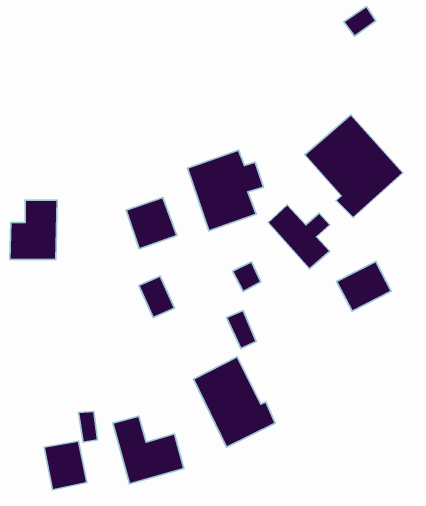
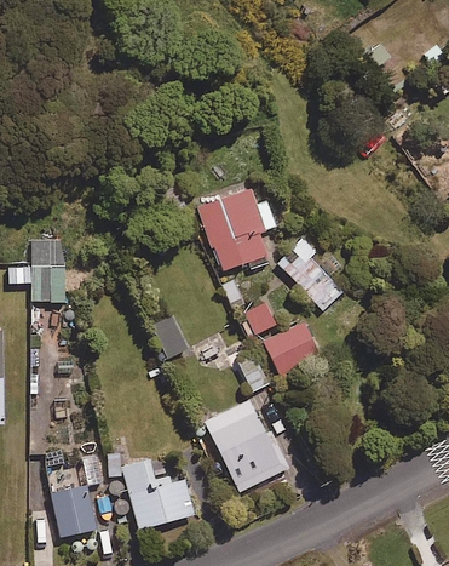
building: [305,115,403,218] -> none
building: [126,198,177,249] -> none
building: [337,261,391,311] -> [264,321,320,372]

